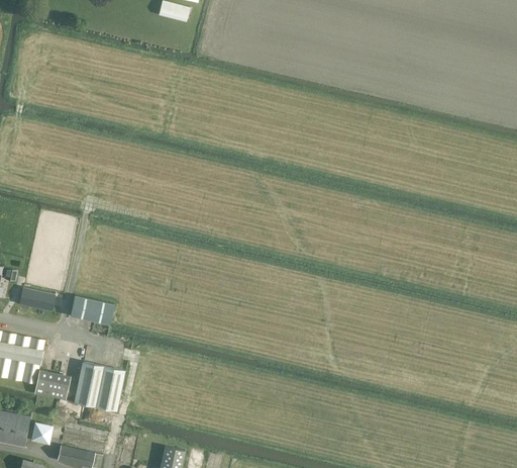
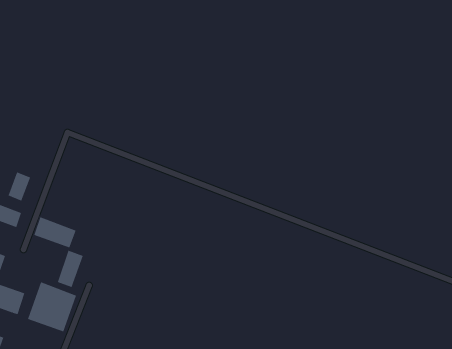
building: none -> [8,172,31,202]
building: none -> [57,250,84,288]

